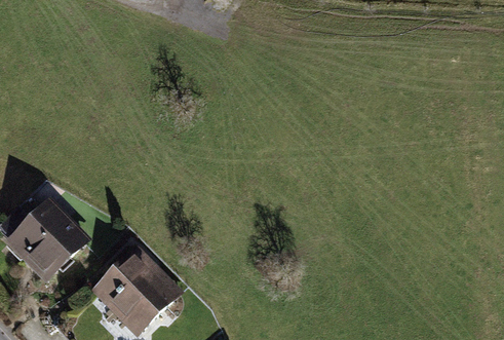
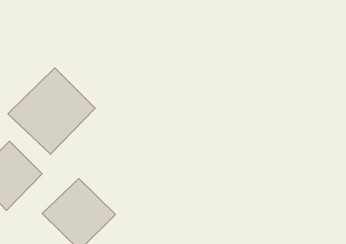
building: none -> [8,68,95,154]

